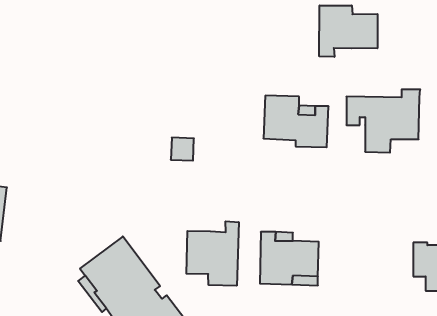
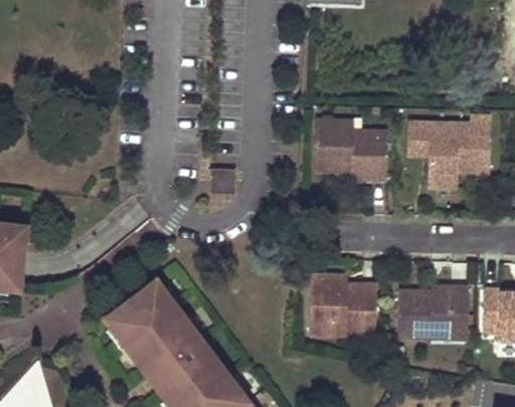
building: [319,5,377,57] -> none
building: [186,221,239,286] -> none
building: none -> [400,286,470,339]

